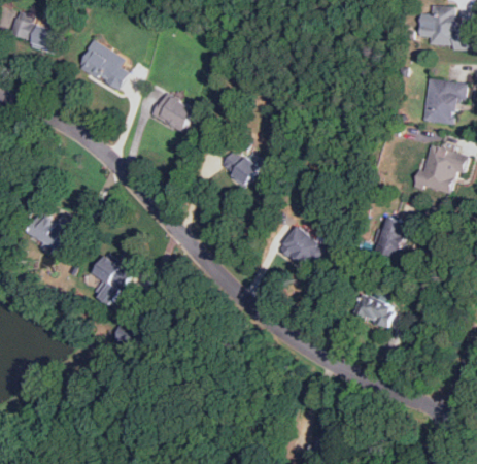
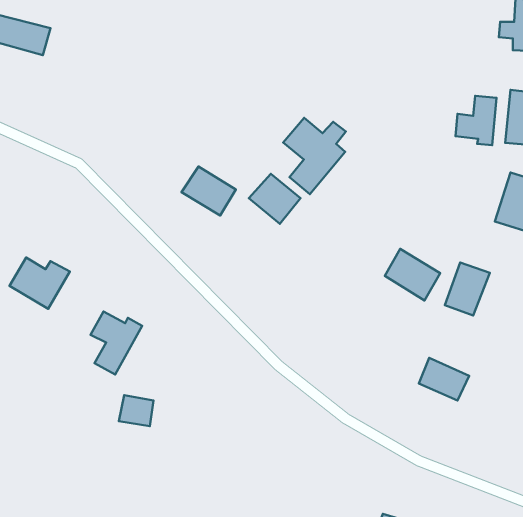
building: [78,40,127,89] -> none
building: none -> [456,96,497,145]
building: [150,92,194,131] -> [182,166,236,215]
building: none -> [283,118,346,194]
building: [281,226,326,267] -> [385,249,440,300]

